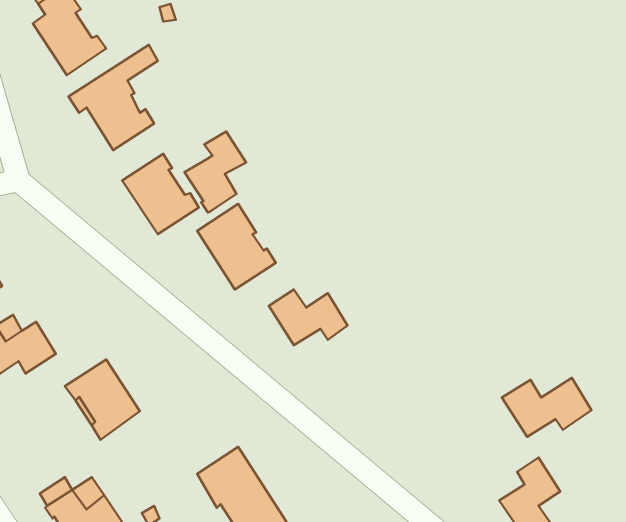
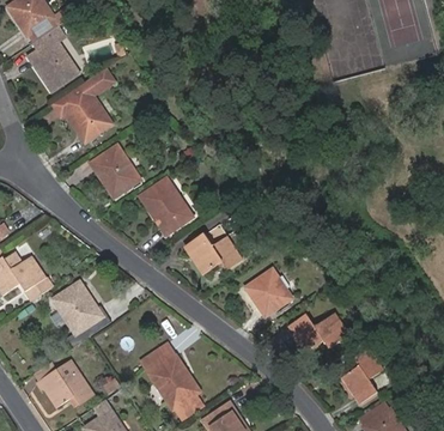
building: [185,132,246,212] -> none
building: none -> [244,268,292,316]
building: [502,378,591,437] -> [288,312,348,352]

